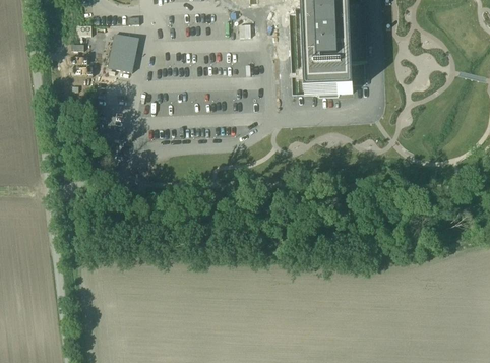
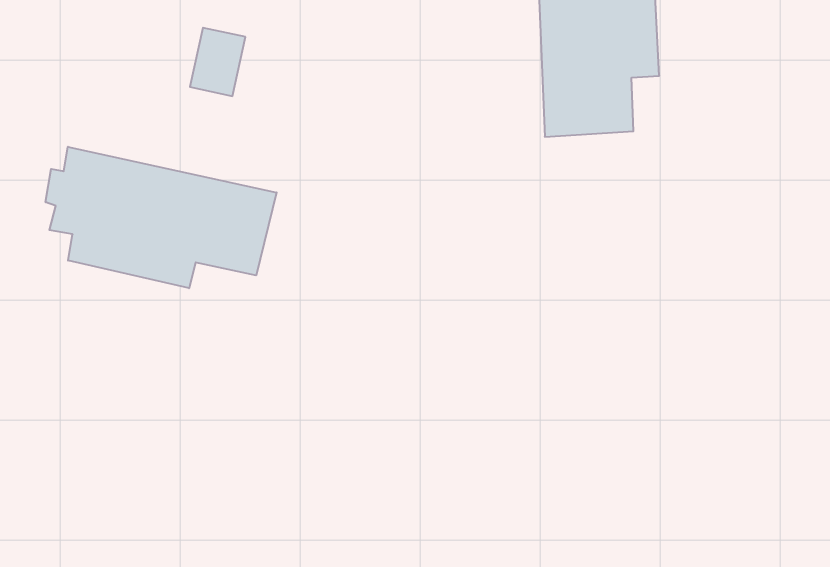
building: none -> [46,147,277,288]

